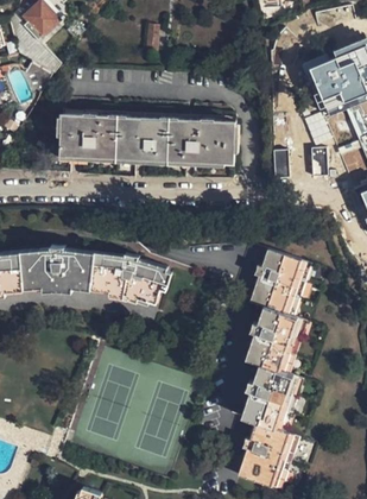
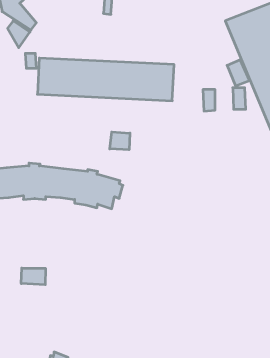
building: none -> [110,132,130,150]
building: [239,248,303,486] -> none
building: none -> [21,268,45,285]

